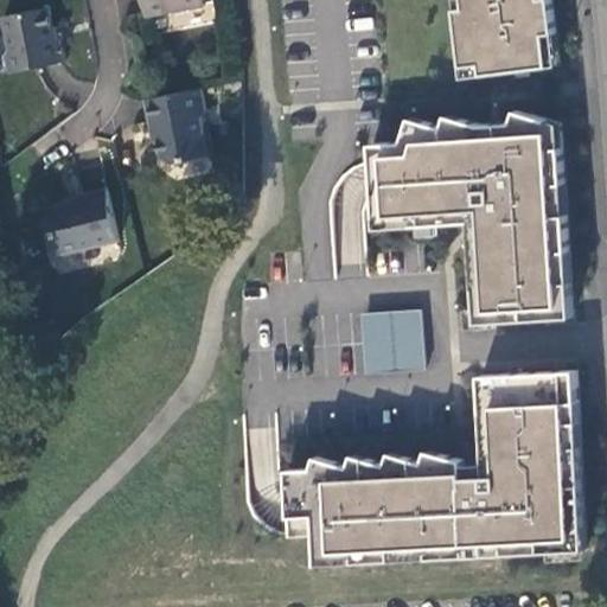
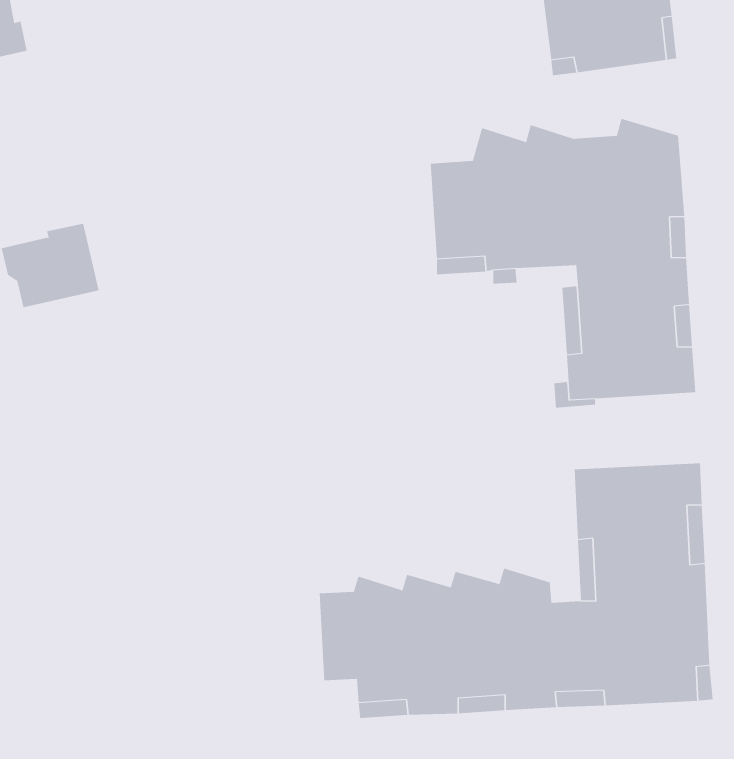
building: [142,85,206,160] -> none
building: [358,311,421,373] -> none

